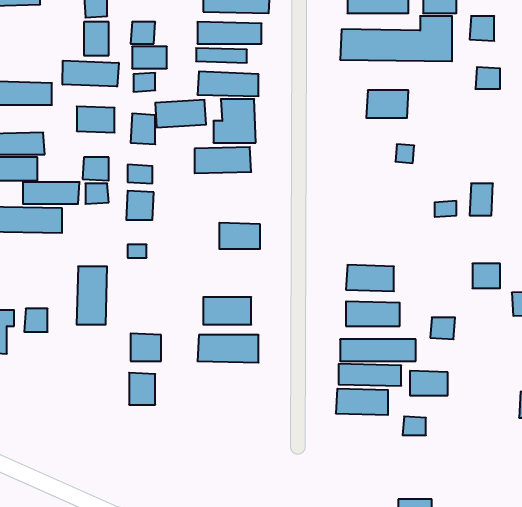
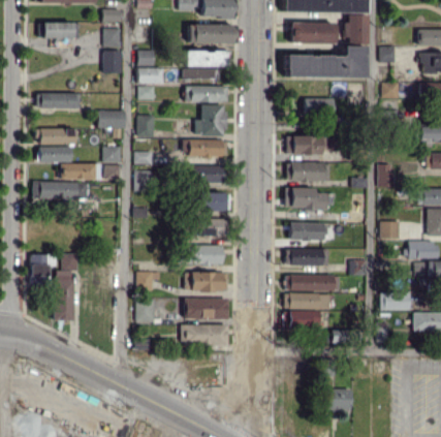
building: [63,61,119,87] -> none
building: [155,100,206,127] -> [188,164,224,184]
building: none -> [287,134,322,154]
building: none -> [287,162,329,181]
building: none -> [285,187,326,210]
building: none -> [194,218,224,237]
building: [77,266,107,325] -> [54,279,75,320]
building: [410,371,448,395] -> [384,292,411,310]
building: none -> [185,298,229,319]
building: none -> [182,323,228,346]

